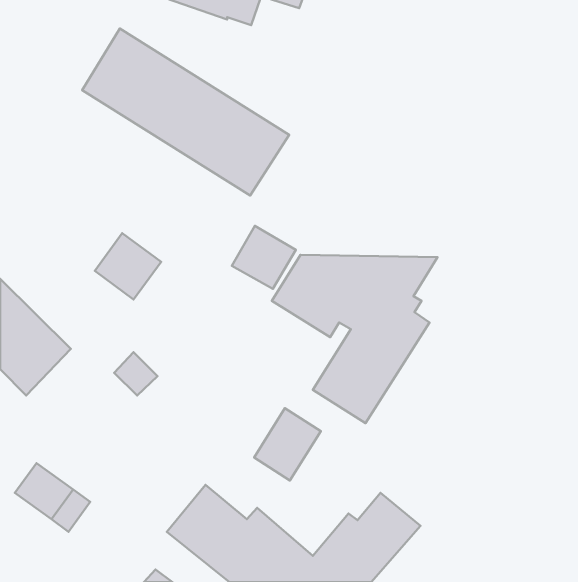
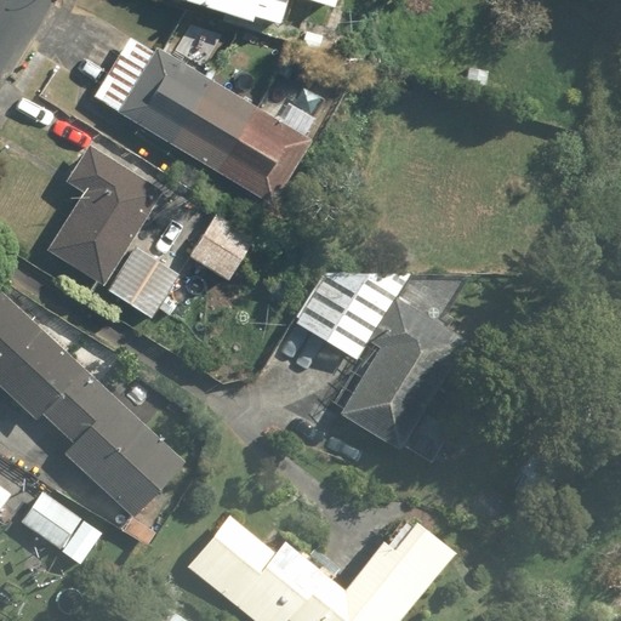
building: none -> [46,143,170,284]
building: [232,226,296,289] -> [187,212,255,279]
building: none -> [49,374,186,519]
building: [254,408,321,480] -> none

